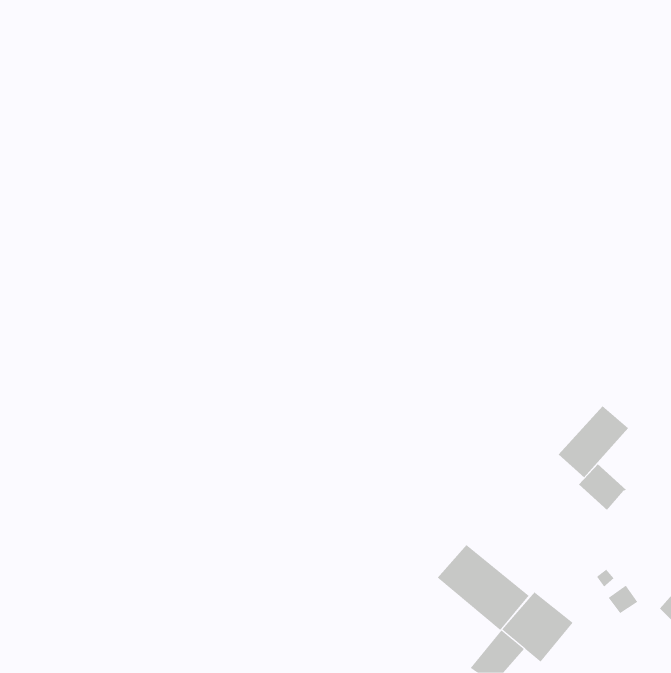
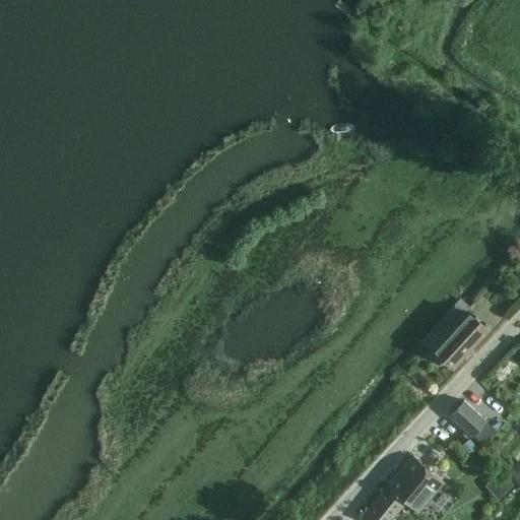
building: [578,463,627,511] -> [449,399,486,436]
building: [437,544,530,631] -> none

